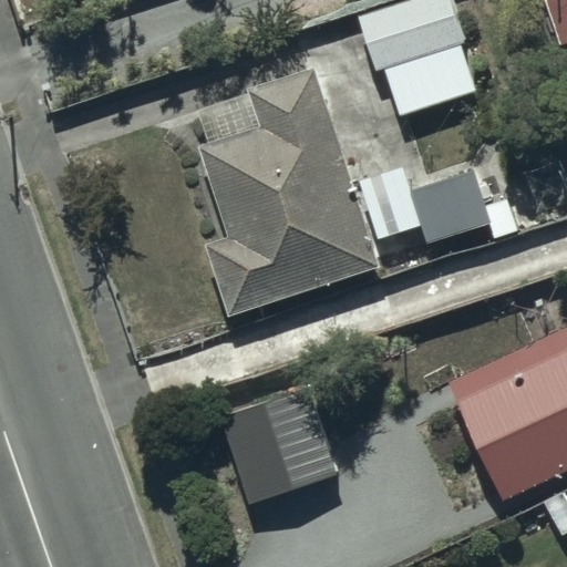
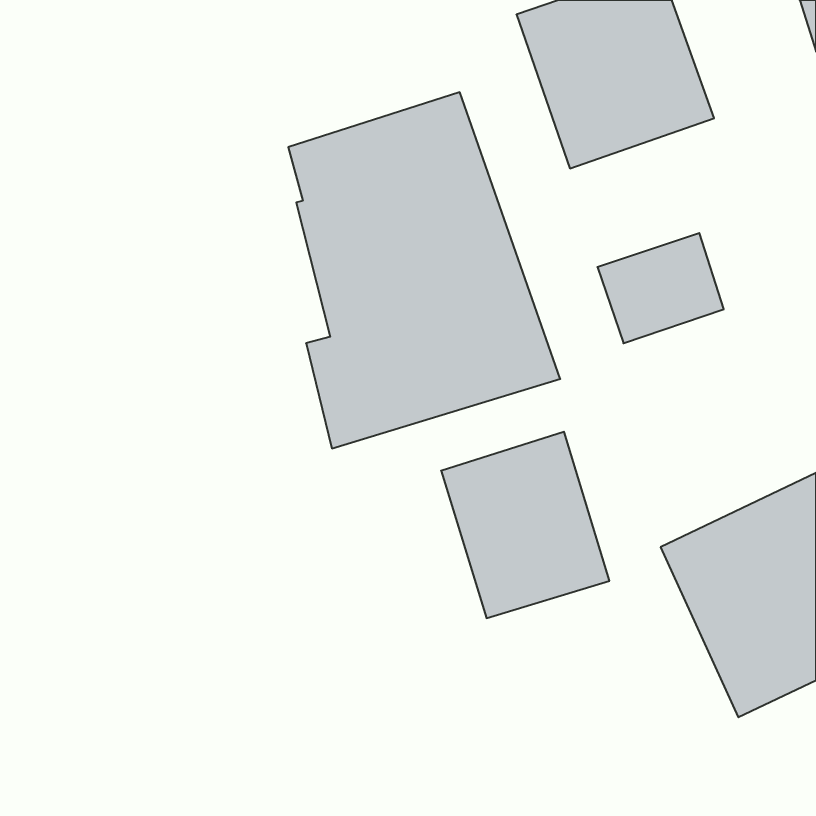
building: [217,378,332,505] -> [441,432,609,618]

